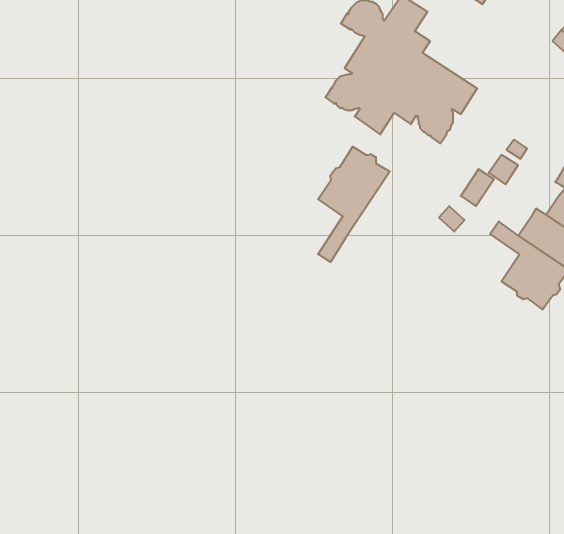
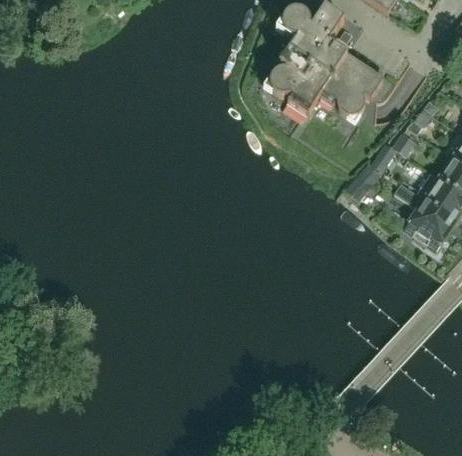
building: [318,147,390,262] -> none

